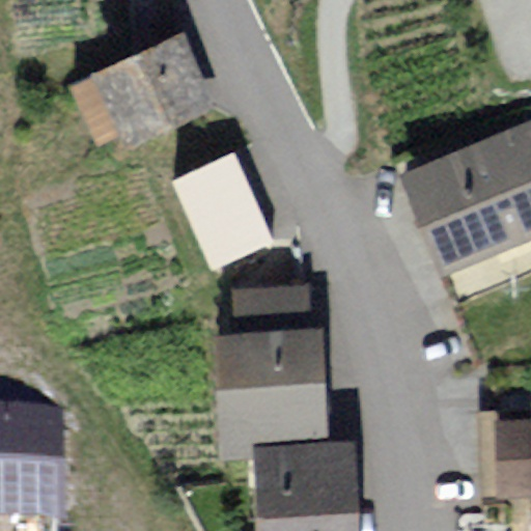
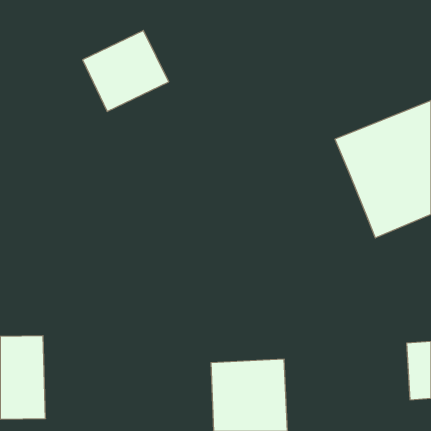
building: [183,157,267,257] -> none
building: [222,289,324,447] -> none

